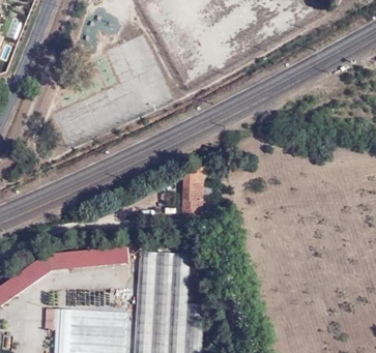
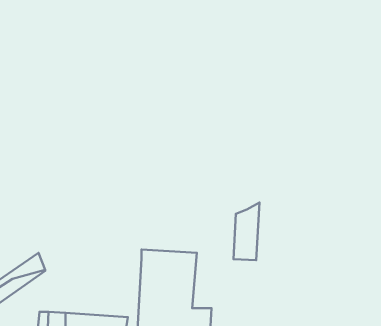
building: [179,167,203,219] -> [233,203,259,260]
building: [47,245,129,269] -> none

